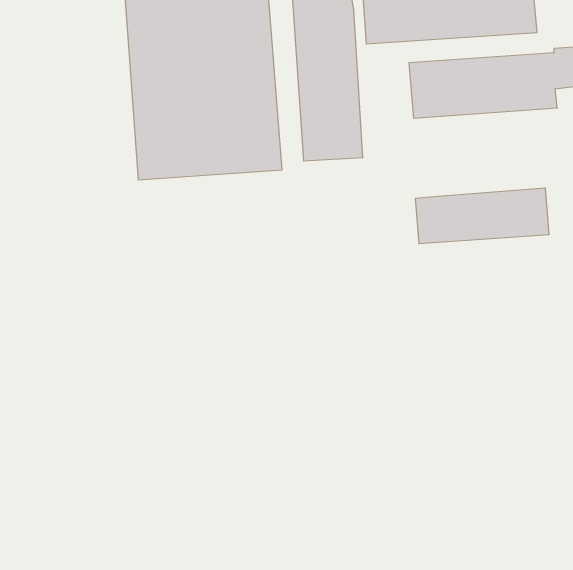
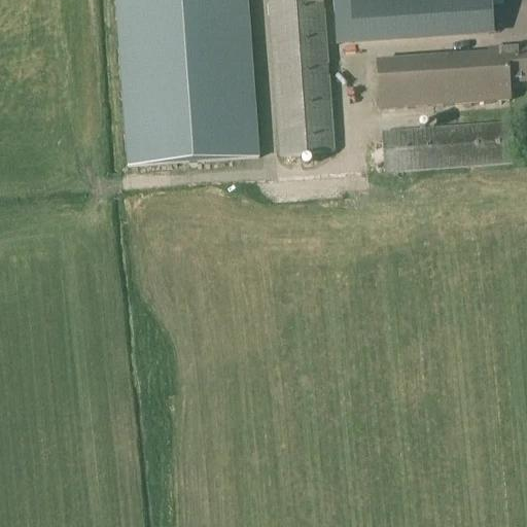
building: [415,188,549,243] -> [393,119,516,170]

